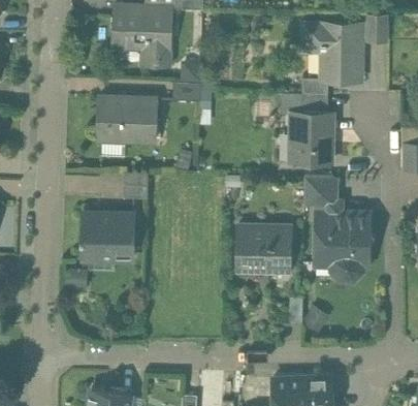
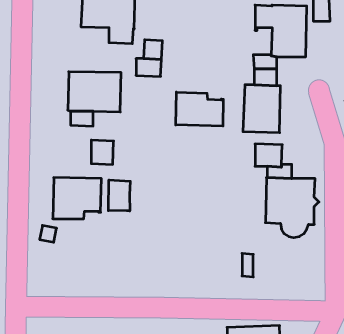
building: none -> [176,92,223,126]
building: none -> [108,180,130,211]
building: [236,225,291,271] -> none

